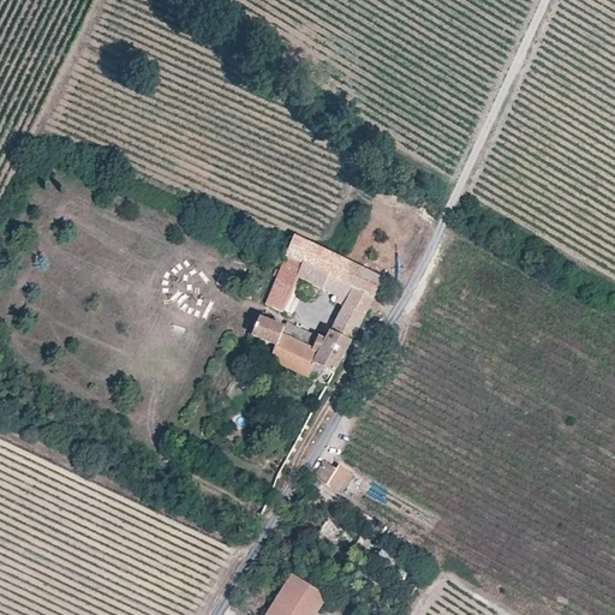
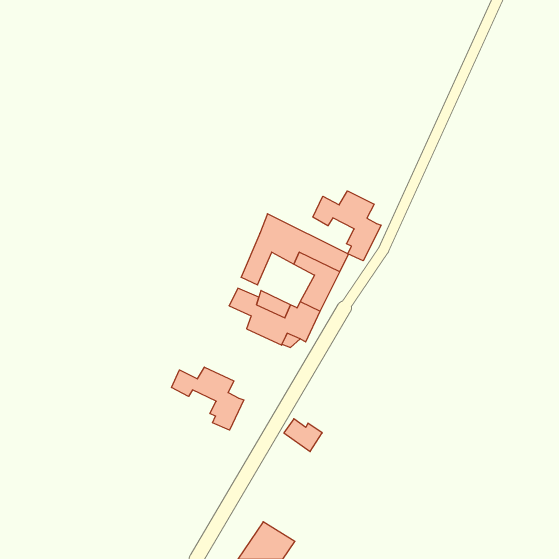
building: none -> [313,191,381,261]
building: none -> [172,367,244,430]

